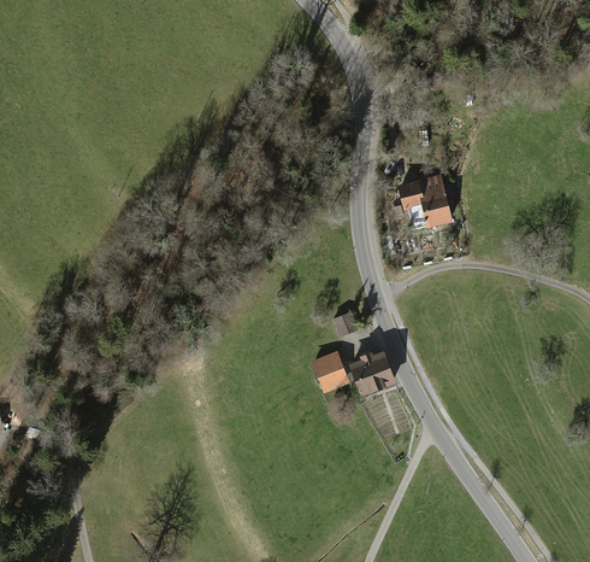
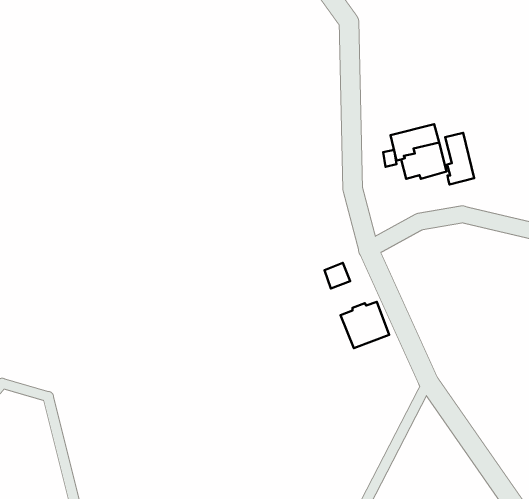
building: none -> [445,133,474,185]
building: [311,351,349,393] -> none

